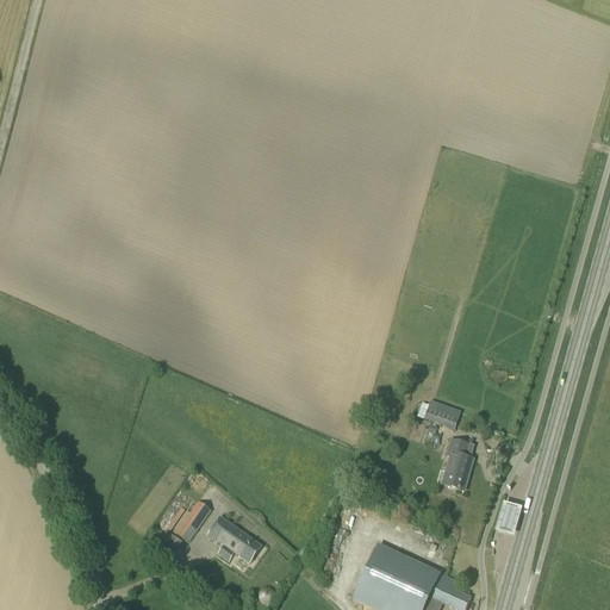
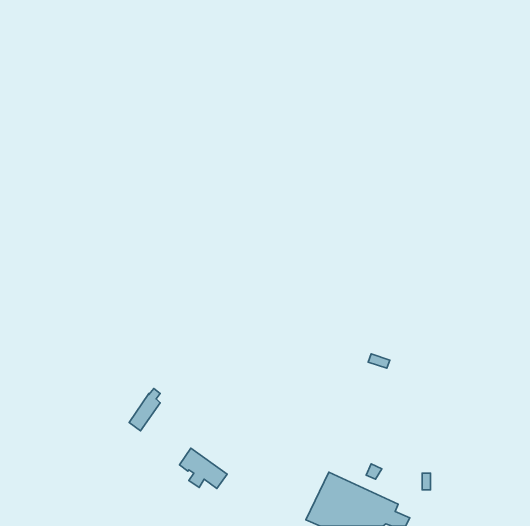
building: [436,438,473,488] -> none
building: [175,492,211,541] -> [129,388,160,431]

